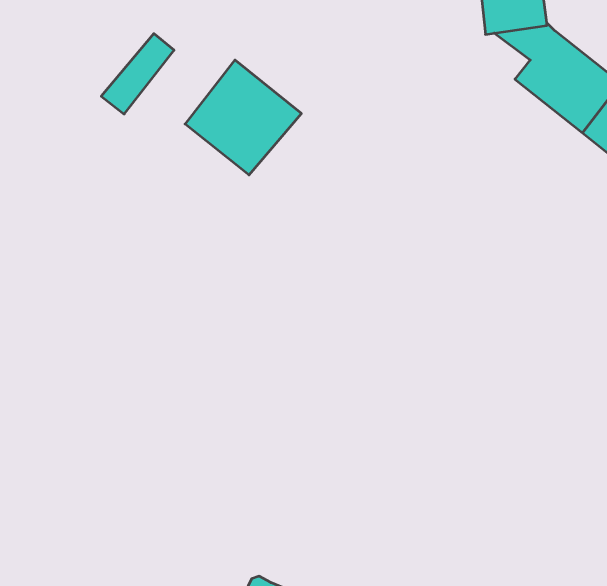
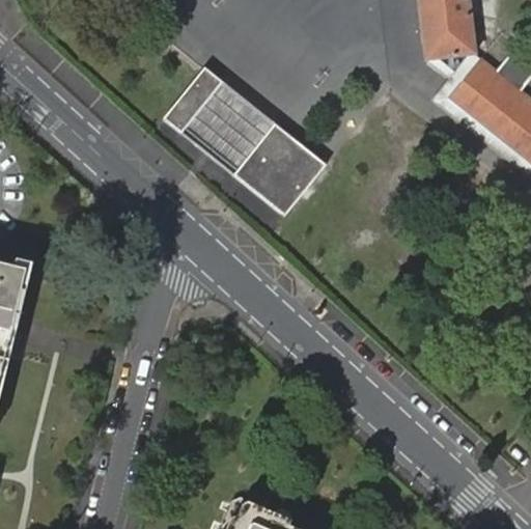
building: [101,34,174,114] -> [162,66,221,132]
building: none -> [232,123,326,216]

